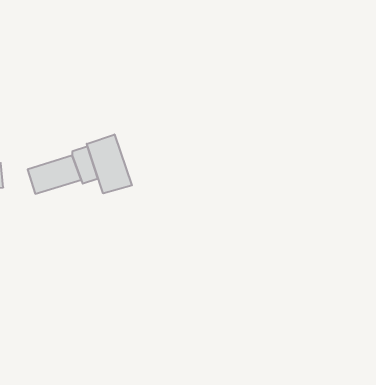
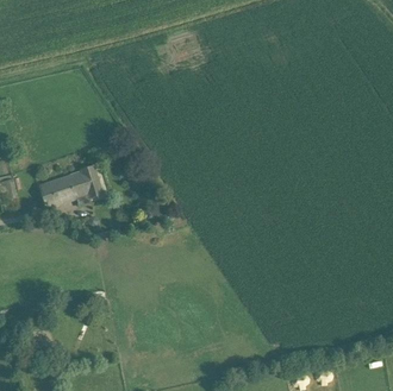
building: [87,134,132,193] -> none

